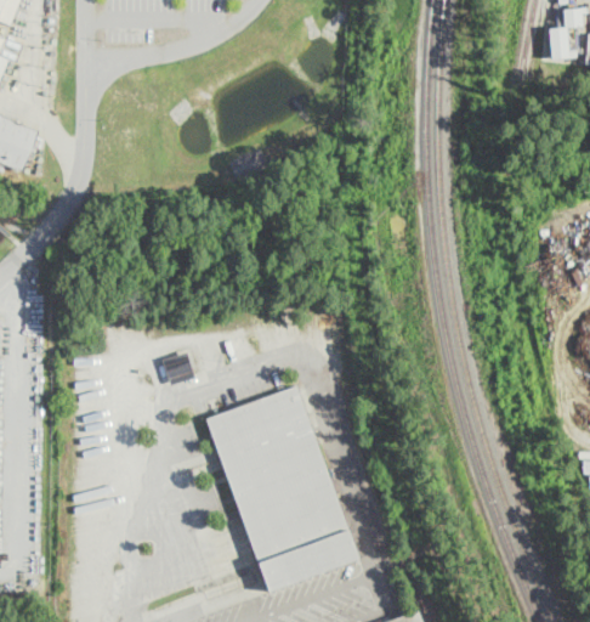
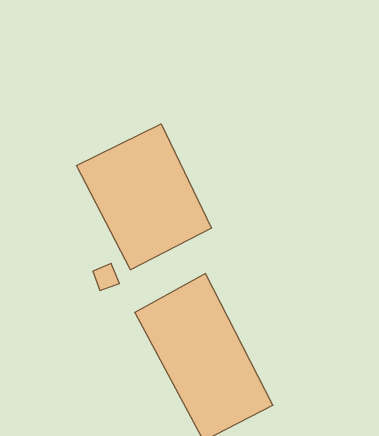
building: none -> [76,124,211,270]

